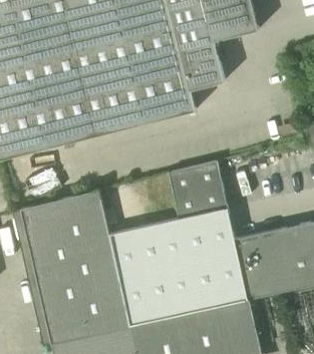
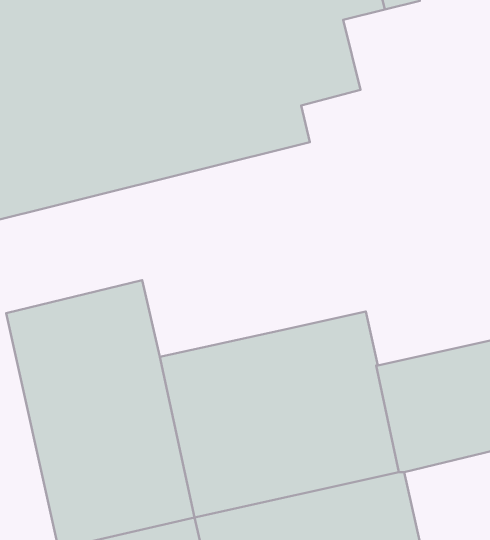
building: [169,160,228,219] -> none

